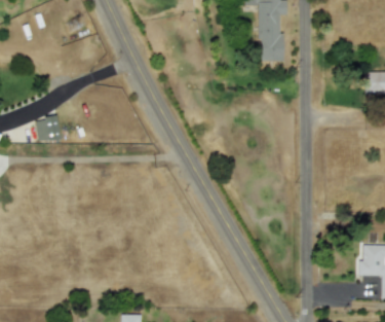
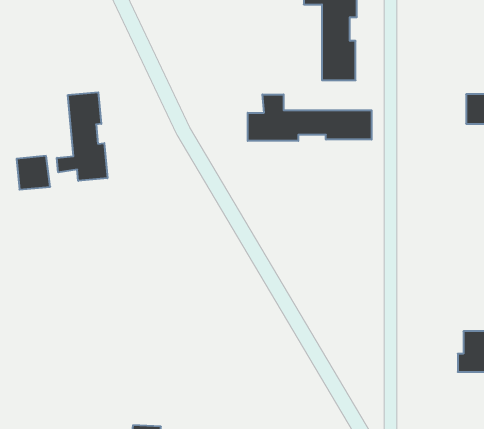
building: none -> [57,92,107,181]
building: none -> [248,94,372,141]

